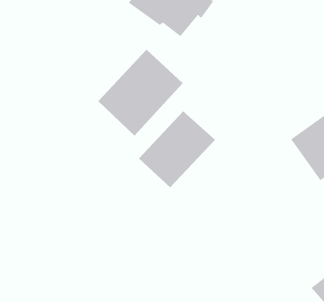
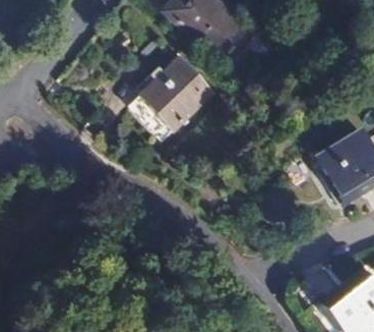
building: [138,110,216,188] -> none

